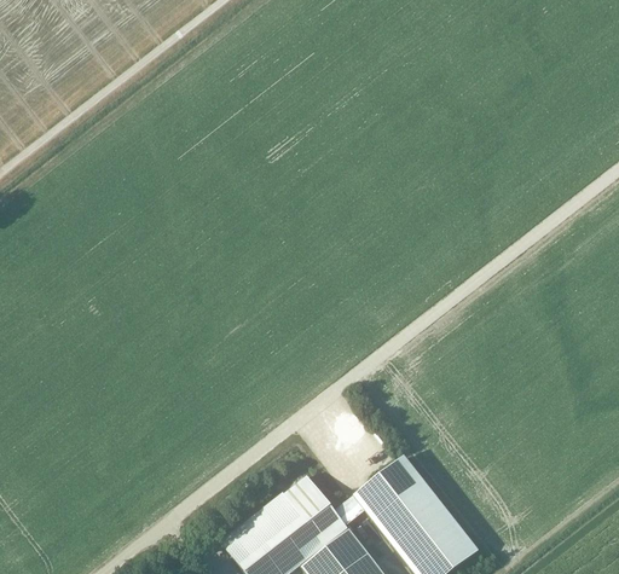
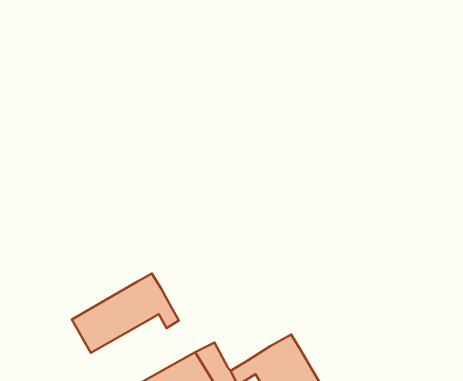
building: none -> [72,273,179,353]

